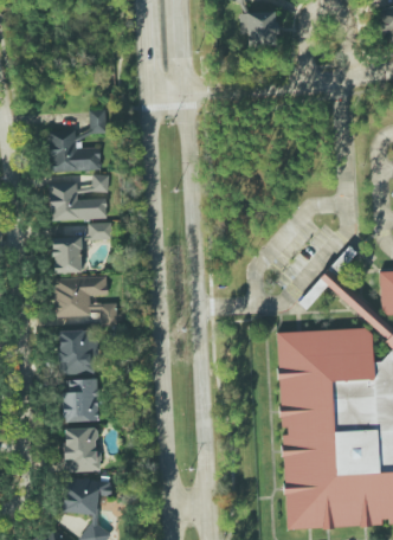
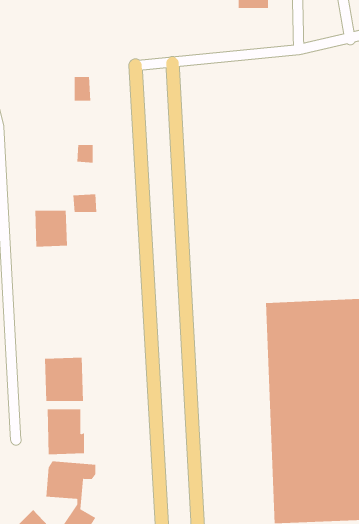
building: [49,129,102,171] -> none
building: [49,181,107,220] -> none
building: [54,276,117,324] -> none
building: [58,329,97,373] -> none

